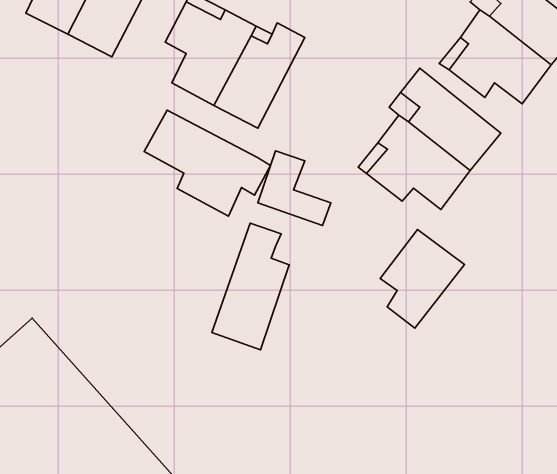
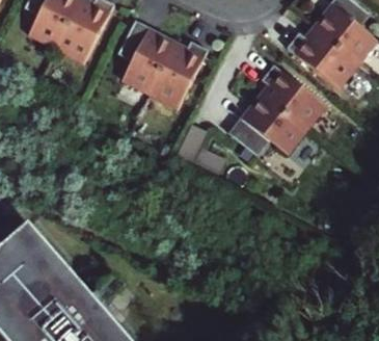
building: [144,110,271,216] -> none
building: [212,223,289,350] -> none
building: [380,229,465,328] -> none

